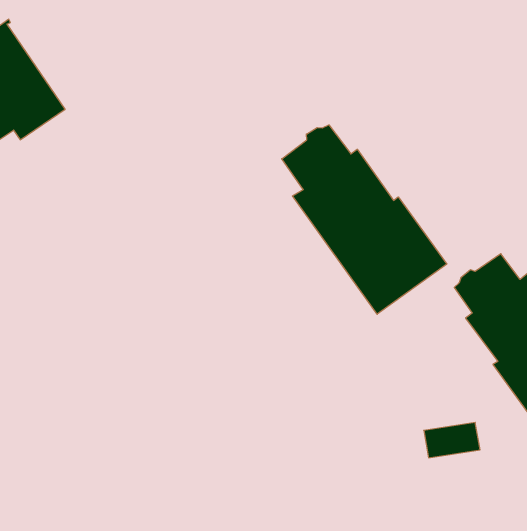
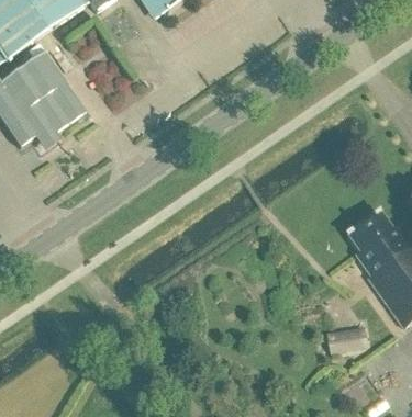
building: [282,125,447,314] -> none

